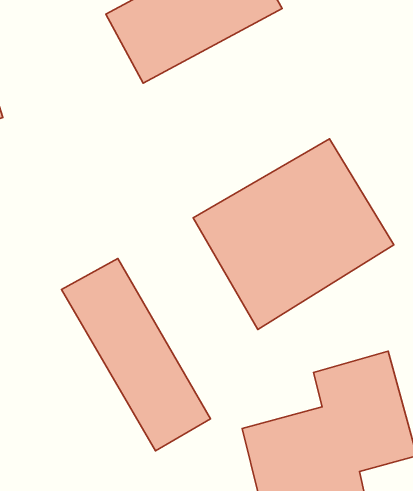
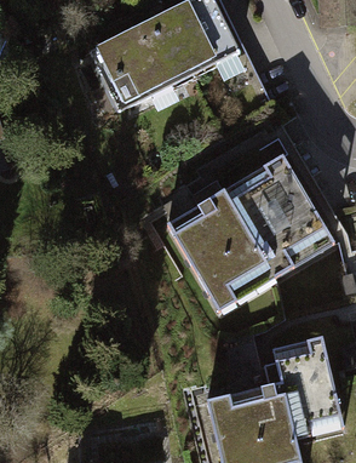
building: [61,259,210,451] -> none

